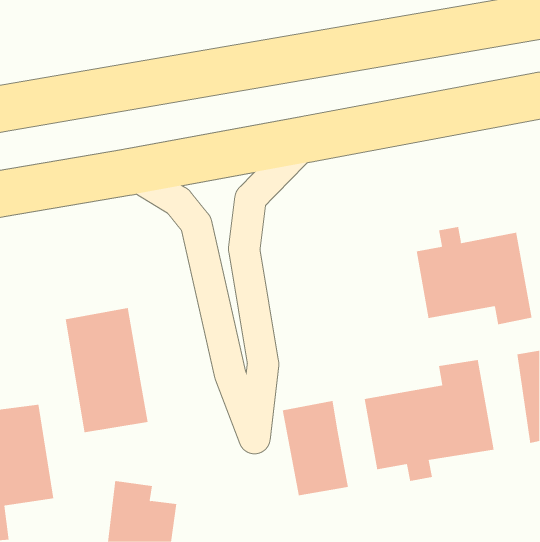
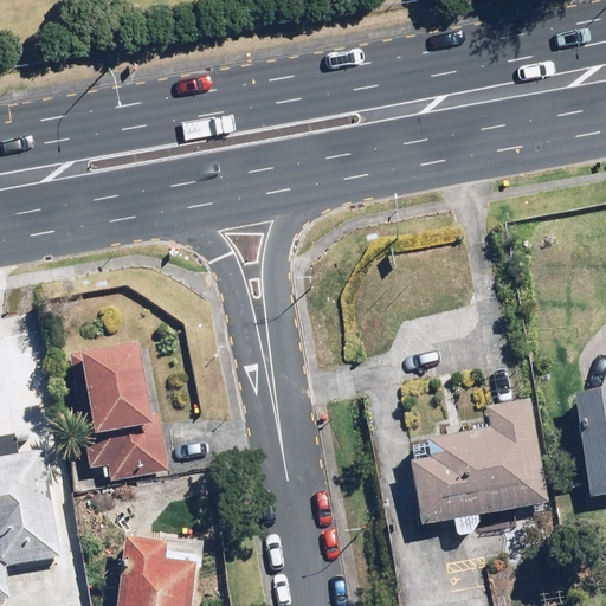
building: [416,226,532,325] -> none
building: [282,400,348,496] -> none

